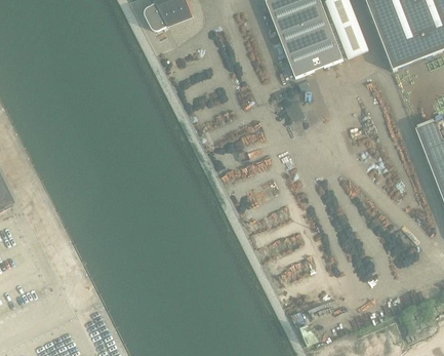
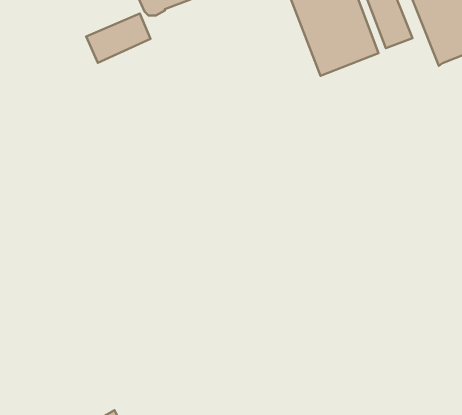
building: none -> [86,14,151,63]

